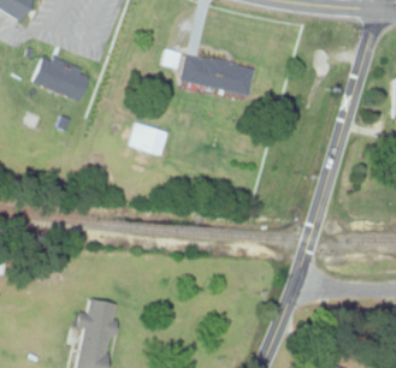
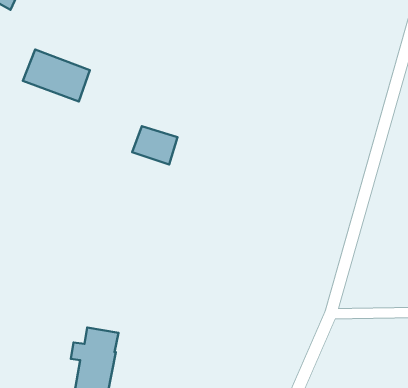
building: [181,54,254,96] -> none

